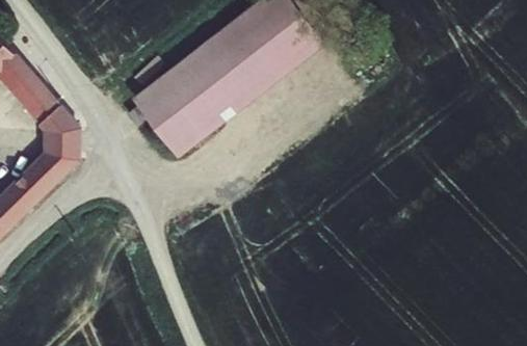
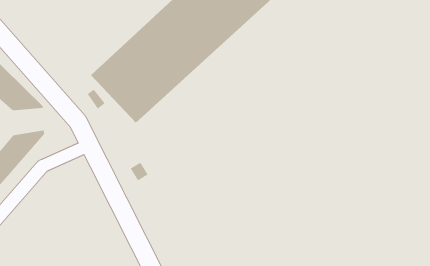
building: [42,132,78,159] -> none

